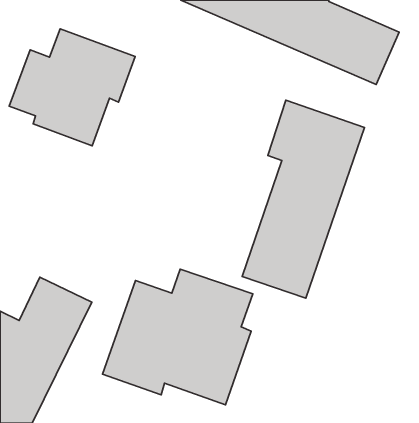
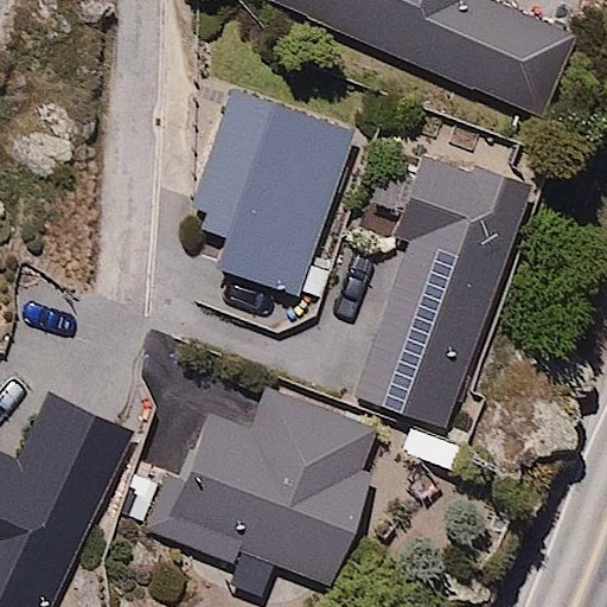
building: [9,29,135,146] -> none
building: none -> [192,85,360,294]

